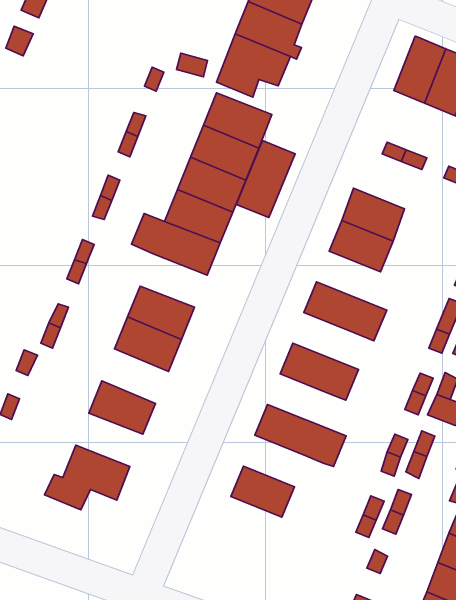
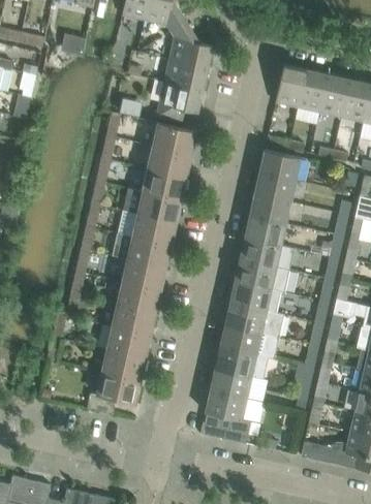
building: [236,141,295,218] -> none
building: none -> [258,150,300,180]
building: none -> [244,216,285,246]
building: none -> [127,237,171,267]
building: none -> [235,259,288,292]
building: none -> [112,304,155,336]
building: none -> [224,303,284,337]
building: none -> [101,349,145,380]
building: none -> [215,346,268,379]
building: none -> [199,389,250,443]

